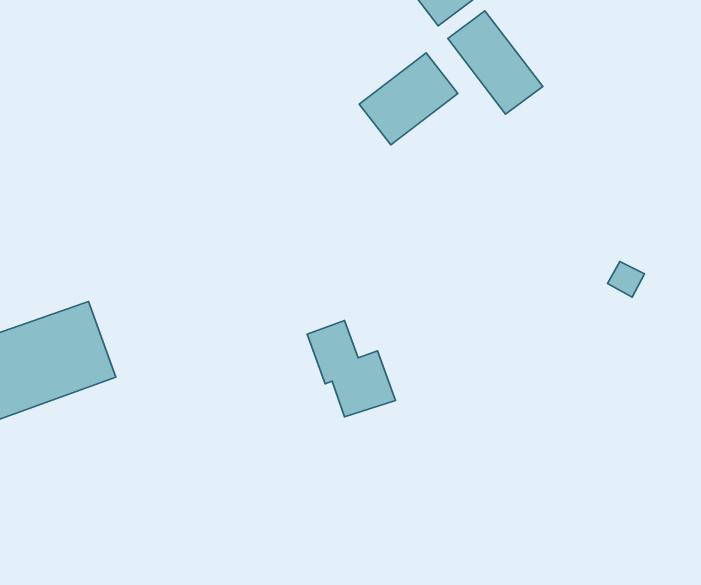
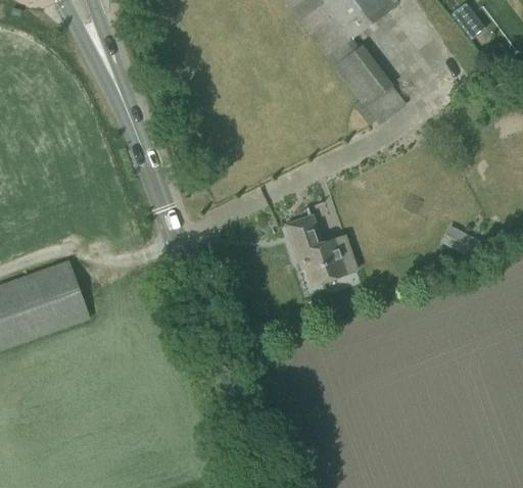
building: [359,53,458,145] -> none
building: [307,321,395,417] -> [284,213,349,285]

